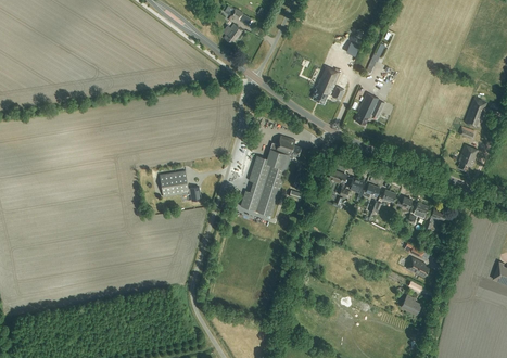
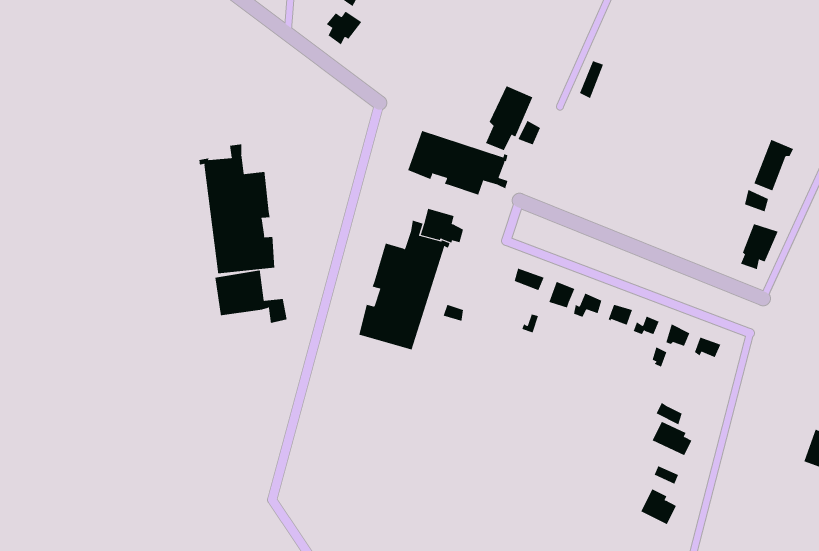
building: none -> [407,130,508,196]
building: [355,92,384,125] -> none
building: none -> [199,143,275,274]

